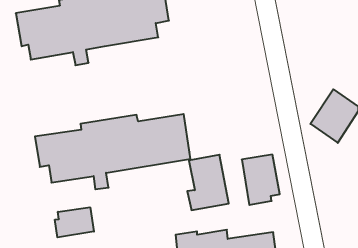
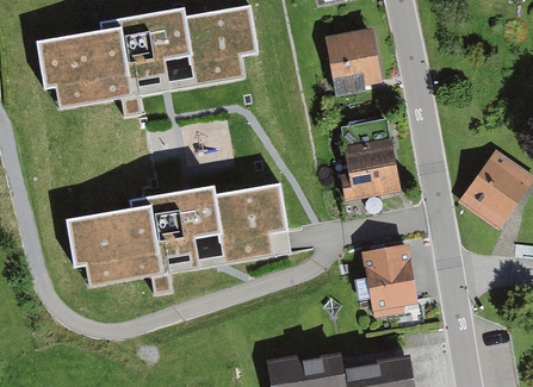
building: none -> [326,29,380,94]
building: [187,155,229,210] -> [339,120,398,200]
building: [55,207,94,237] -> none

